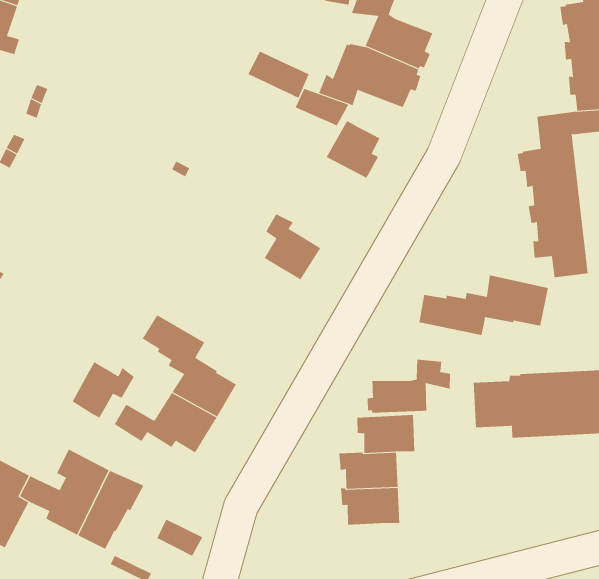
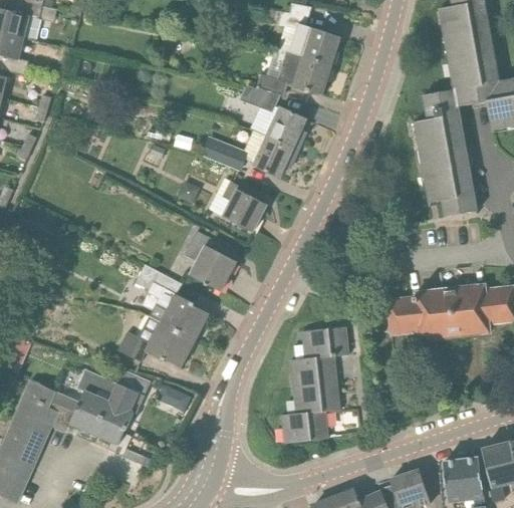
building: [247,51,310,99] -> [201,137,248,171]
building: none -> [254,136,298,177]
building: [419,274,548,336] -> none
building: none -> [185,230,237,291]
building: [367,359,451,413] -> none
building: [72,361,135,419] -> none
building: [157,519,203,556] -> [157,384,192,411]
building: none -> [282,411,328,443]

